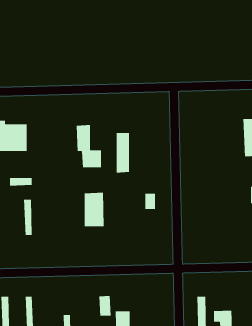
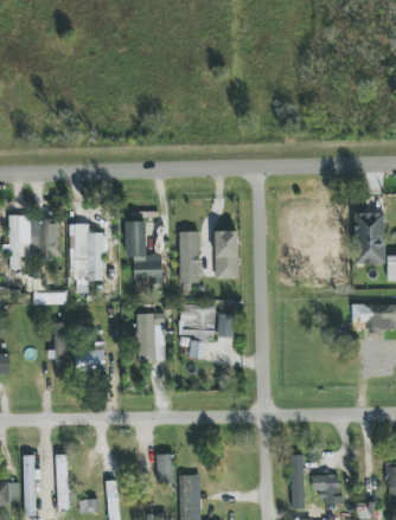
building: none -> [70,224,108,293]
building: none -> [215,230,238,278]
building: none -> [181,304,216,359]
building: none -> [75,345,106,378]

